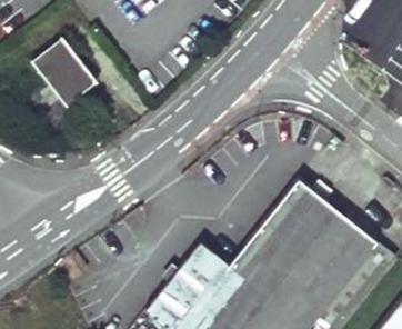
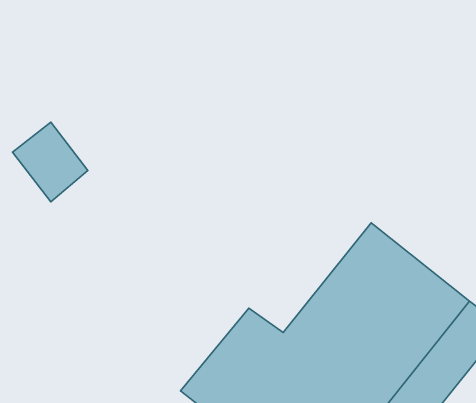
building: [34,49,93,111] -> [13,122,88,202]

